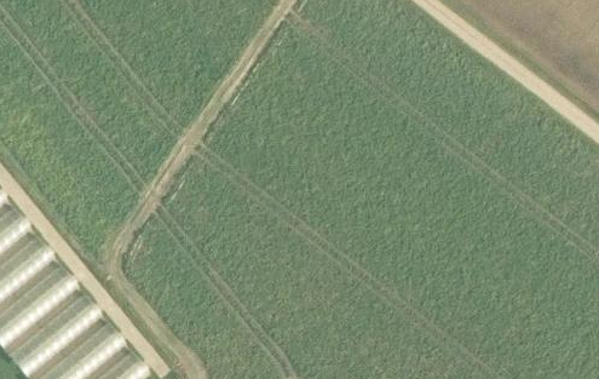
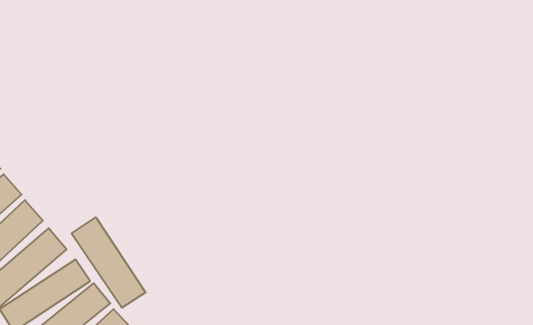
building: none -> [72,217,146,308]

